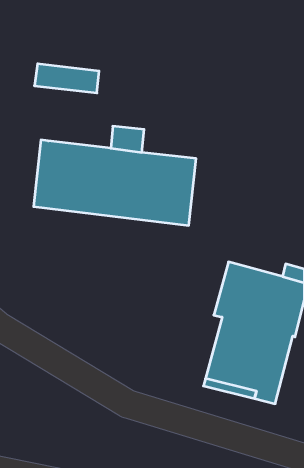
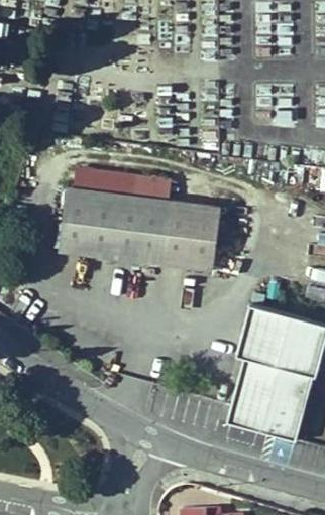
building: [34,64,99,93] -> [76,168,138,197]

